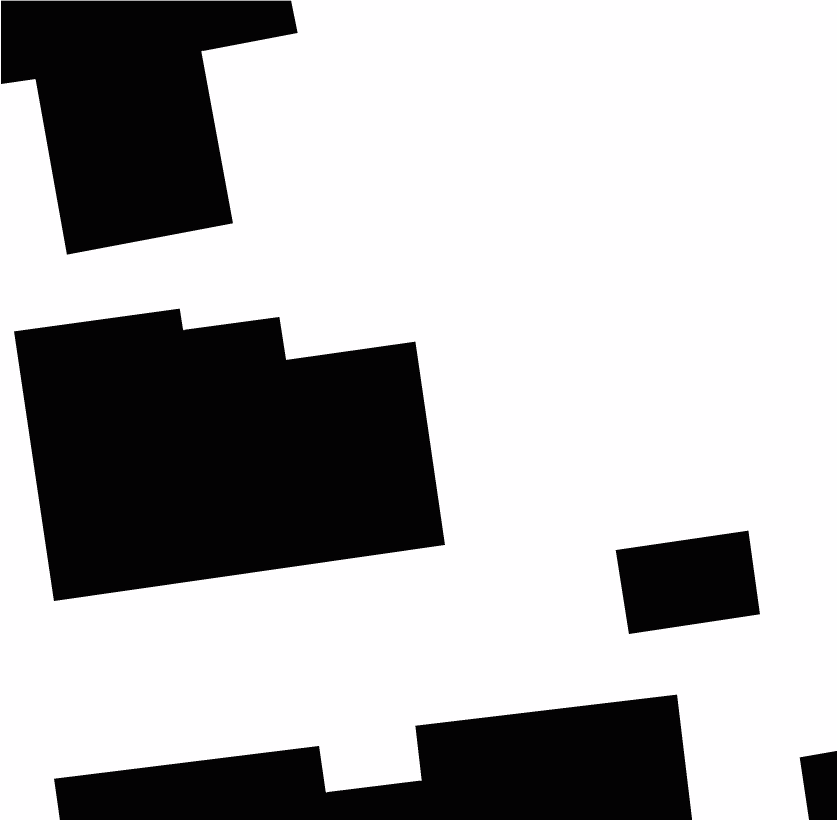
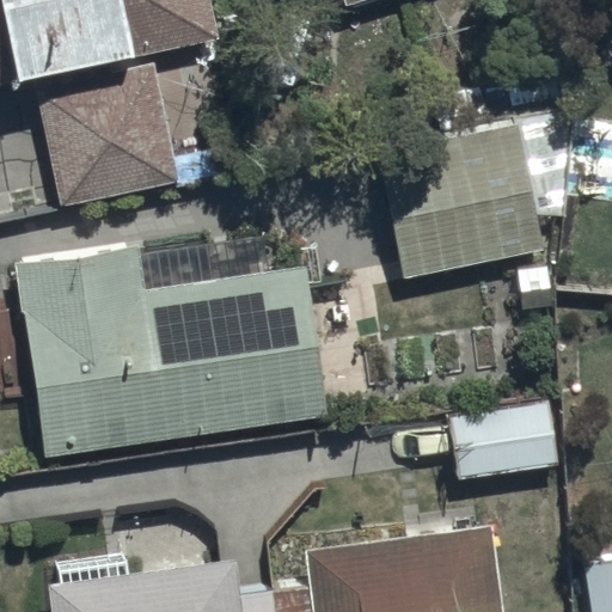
building: none -> [374,114,574,279]

